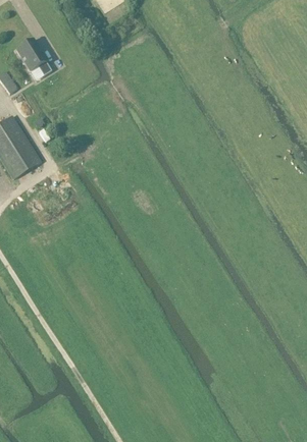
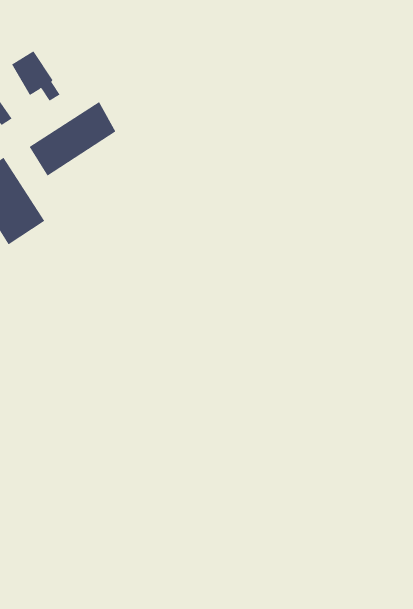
building: none -> [29,101,116,176]

